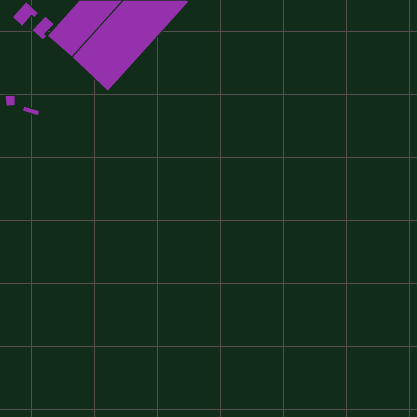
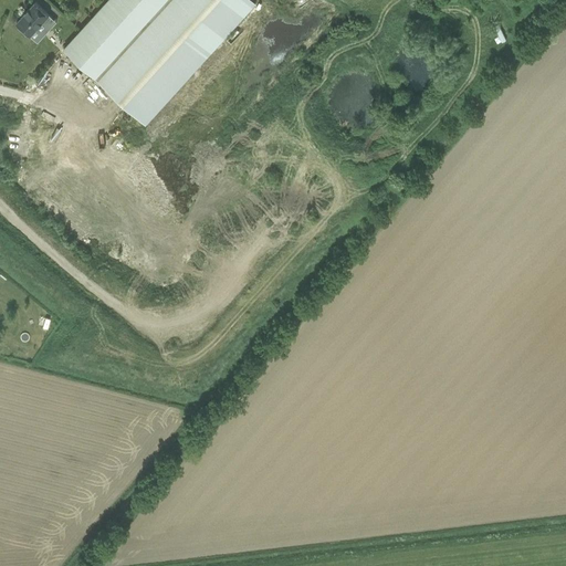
building: [32,16,56,40] -> none

